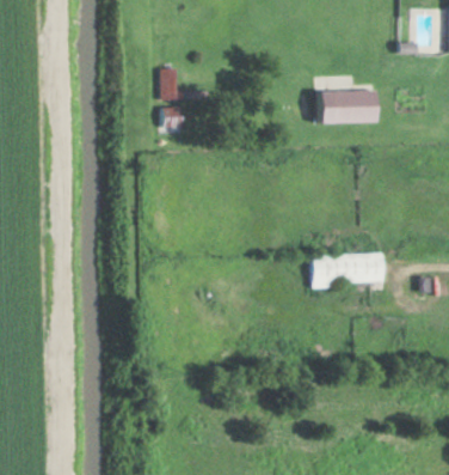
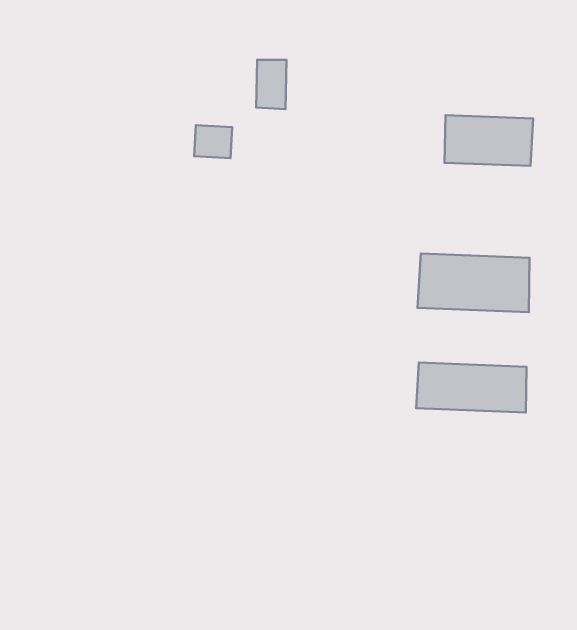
building: [159,67,179,99] -> [256,60,286,109]
building: none -> [418,254,530,312]

